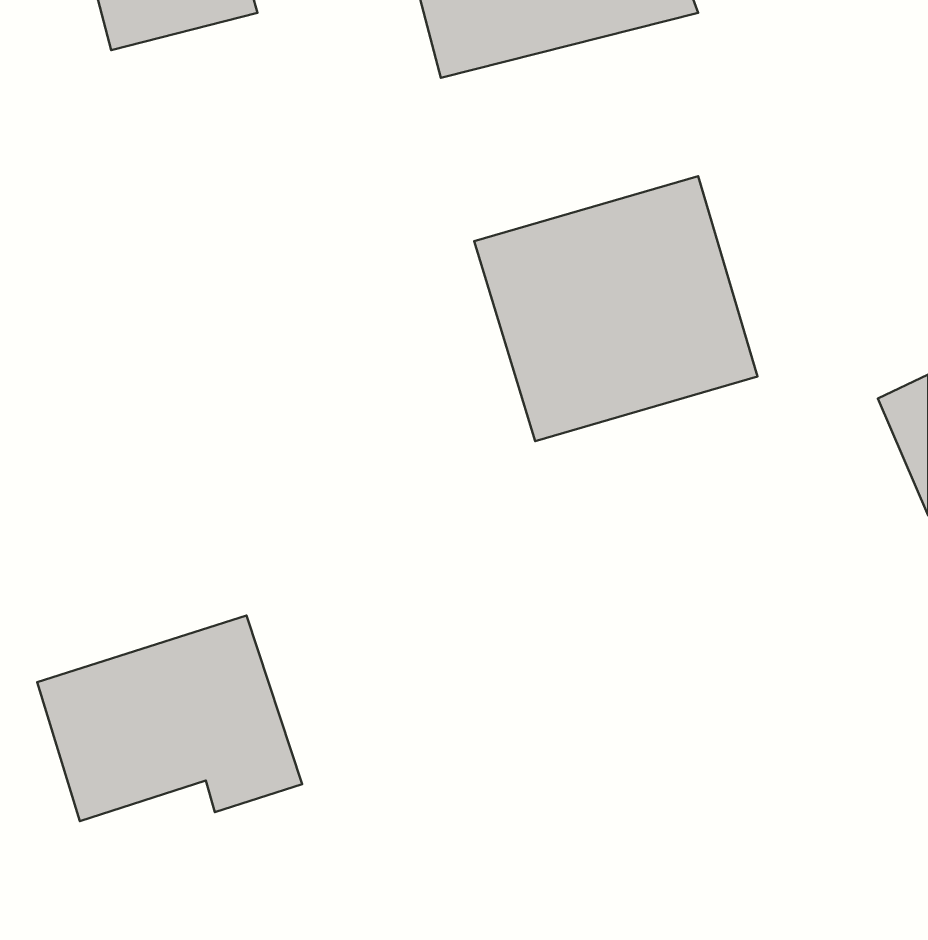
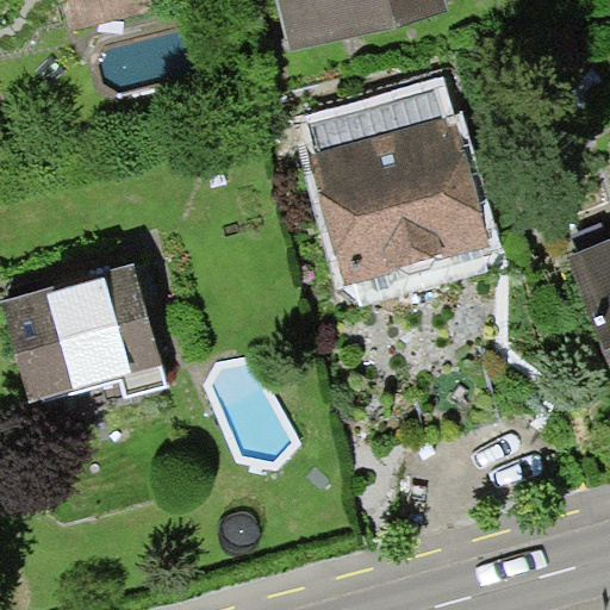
building: [37,616,302,821] -> [7,261,178,393]

